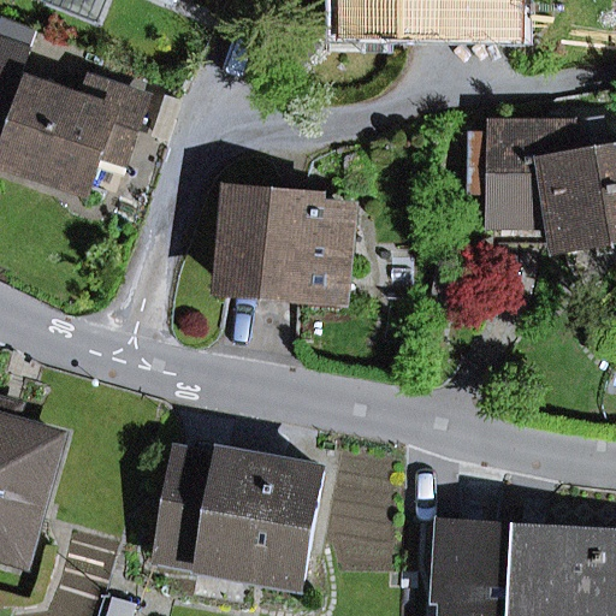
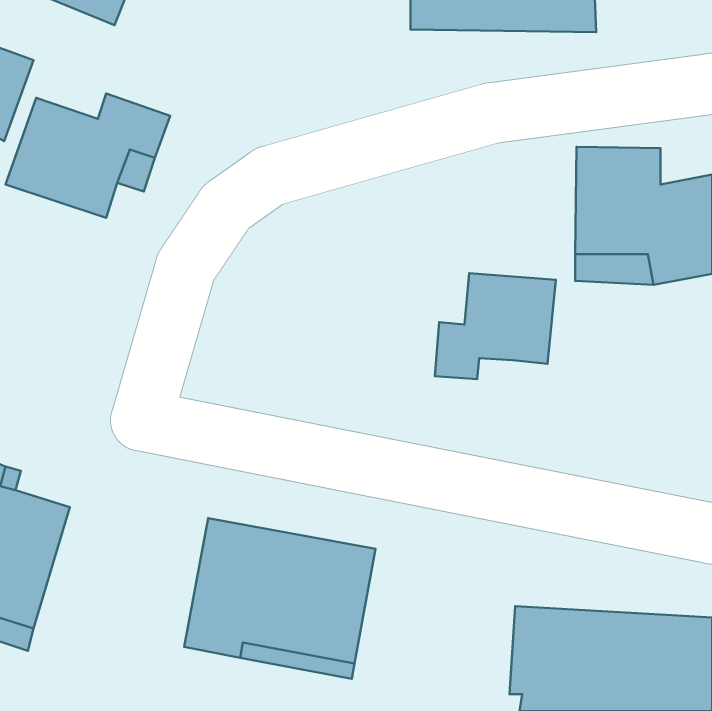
building: [226,194,349,296] -> none
building: none -> [435,273,556,379]

